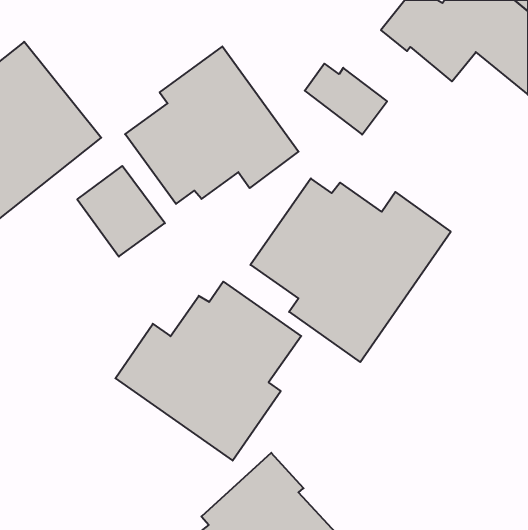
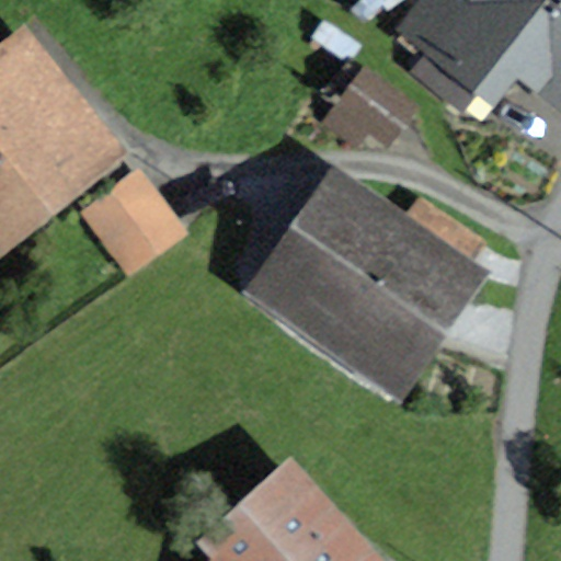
building: [125,46,299,204] -> none
building: [115,282,301,461] -> none

